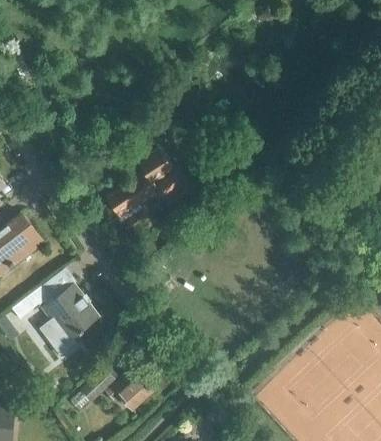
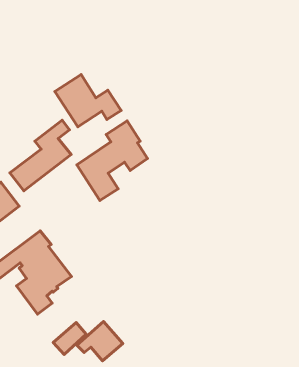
building: none -> [55,75,121,127]
building: none -> [10,120,71,191]

